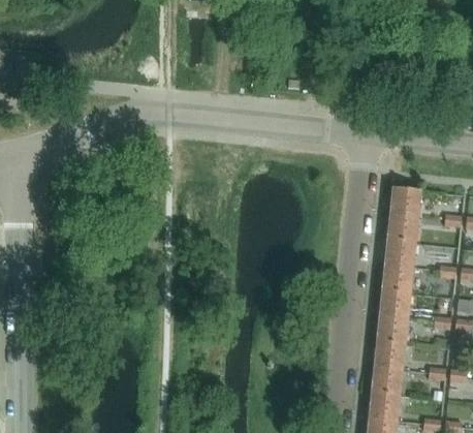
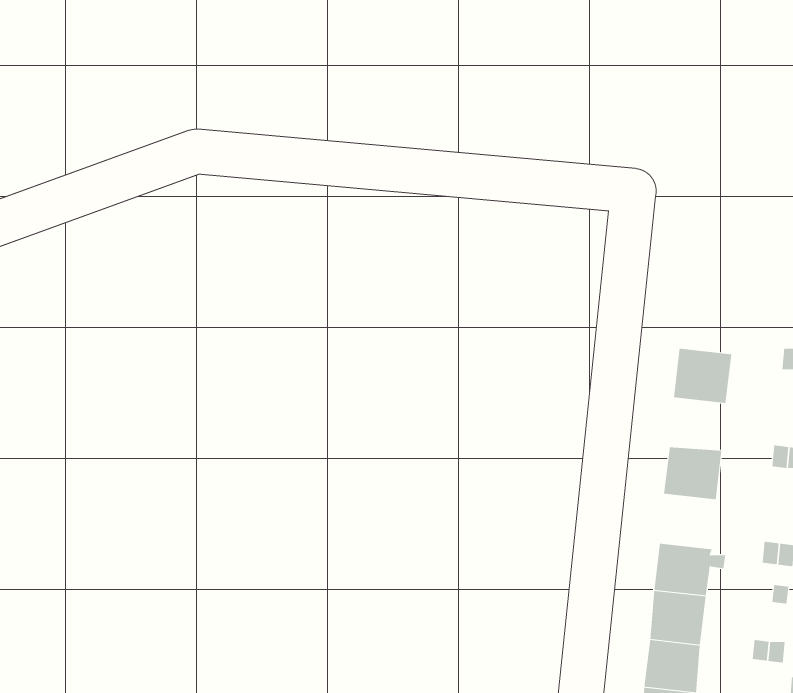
building: [389,189,419,218] -> none
building: [384,241,414,269] -> none
building: [379,291,409,320] -> none

